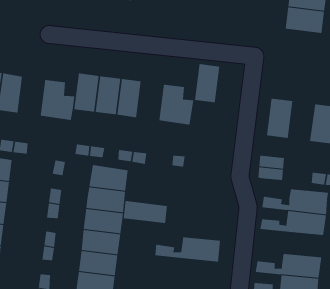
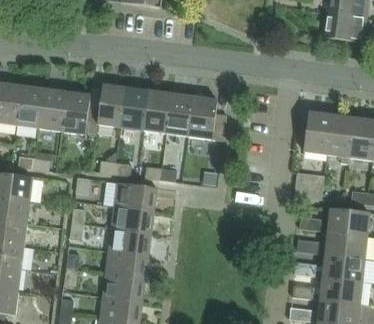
building: [194,64,220,103] -> [165,93,193,135]
building: none -> [38,88,66,130]
building: none -> [327,114,355,163]
building: [123,200,168,224] -> none
building: [154,237,221,262] -> [294,254,365,281]

